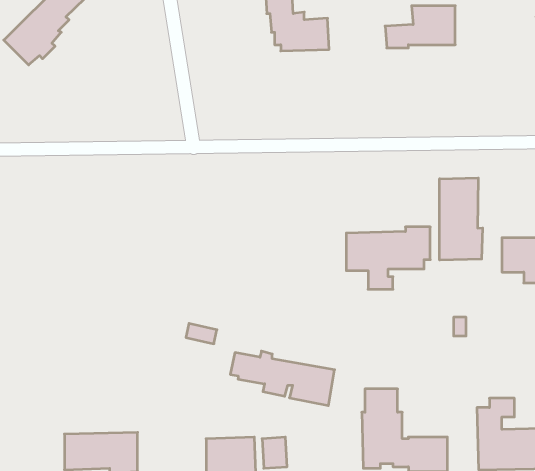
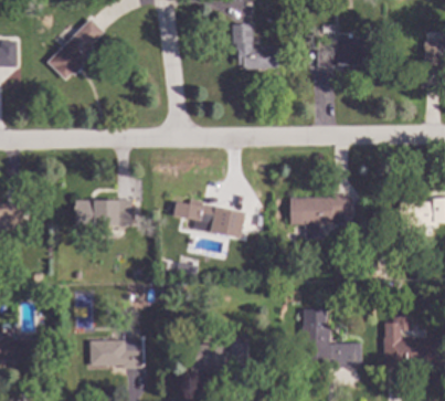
building: [440,178,483,260] -> none
building: none -> [75,199,131,226]
building: [230,351,335,406] -> [169,198,243,236]

